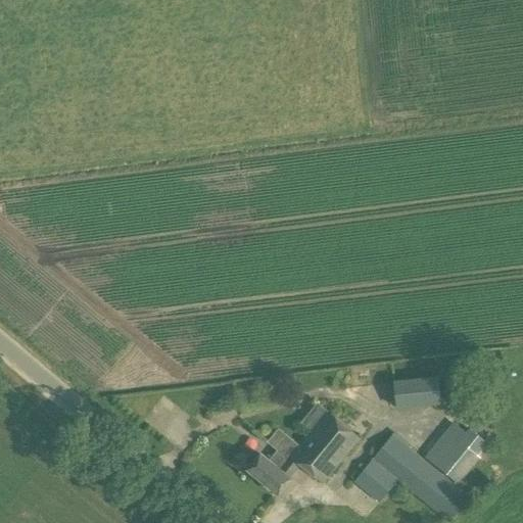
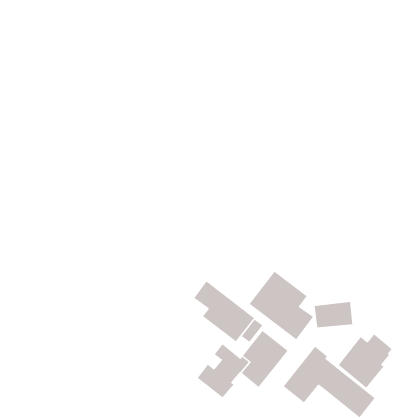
building: none -> [249,271,314,340]
building: none -> [194,281,255,342]

